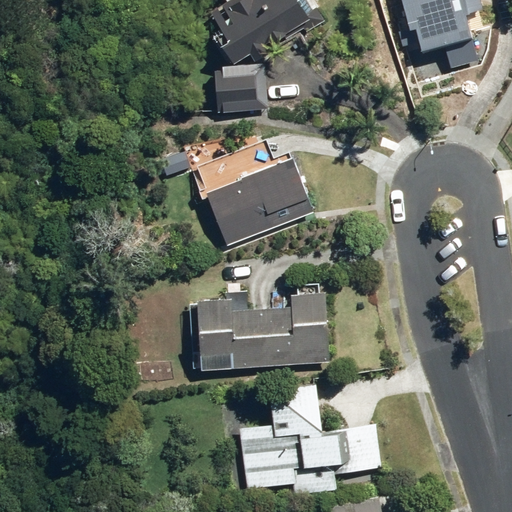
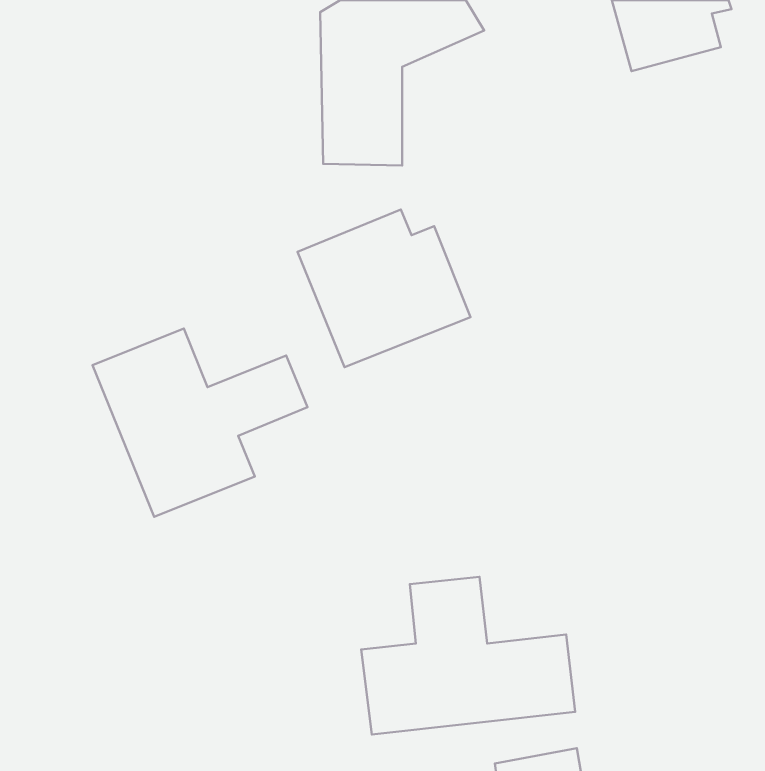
building: none -> [93,328,308,517]
building: [202,291,329,369] -> none

